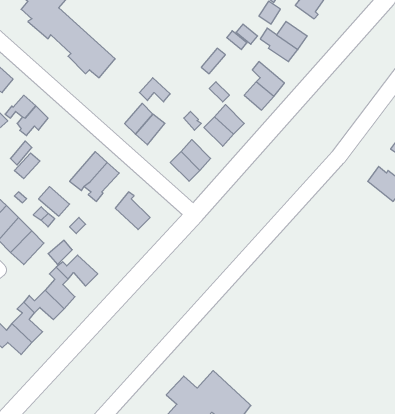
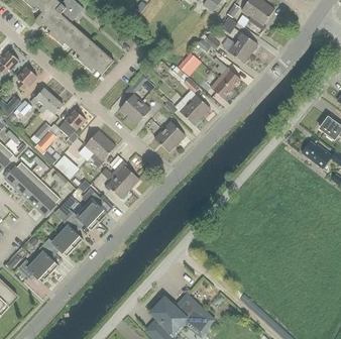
building: none -> [59,108,86,136]
building: none -> [101,166,130,198]
building: none -> [82,188,108,221]

